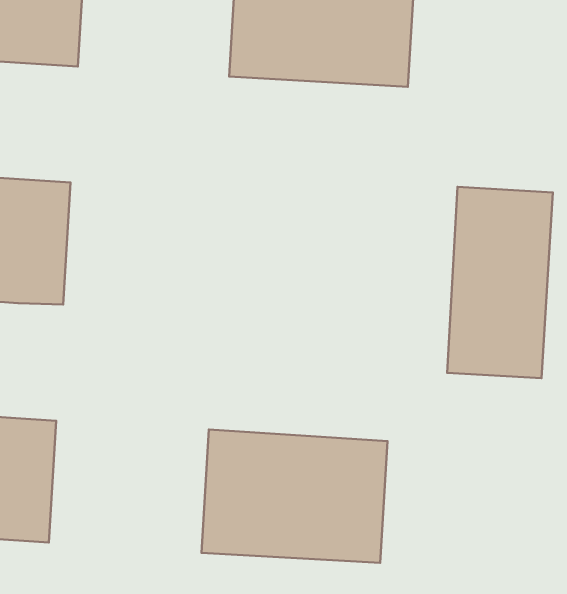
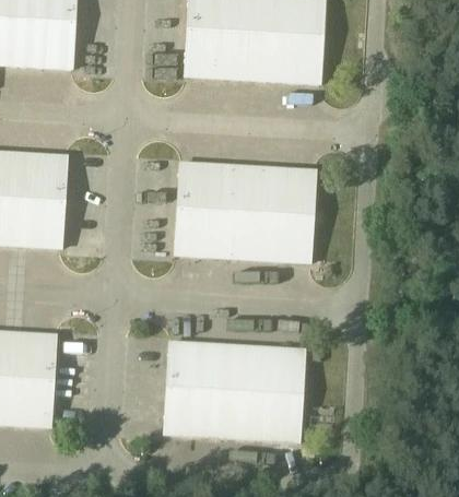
building: [447,187,553,378] -> none
building: none -> [174,162,315,262]

